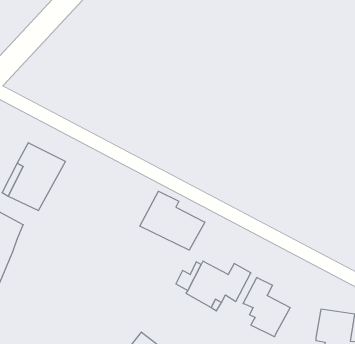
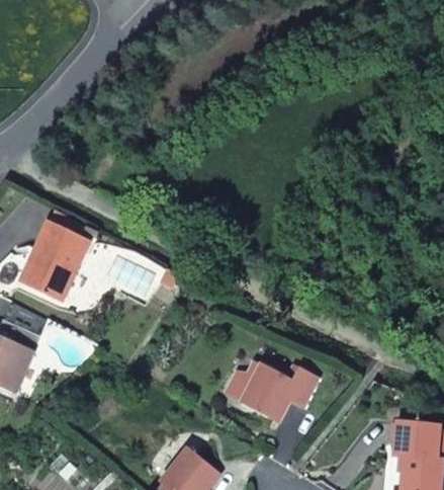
building: [140,191,205,250] -> none
building: [243,277,290,337] -> none

